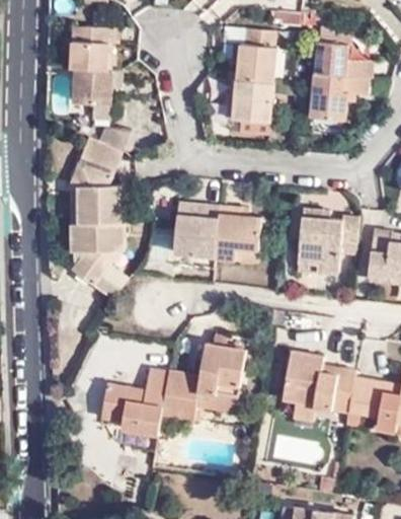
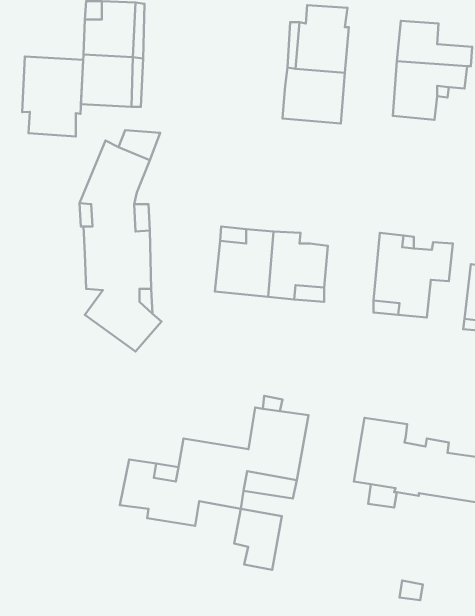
building: none -> [22,57,83,137]
building: none -> [234,509,282,570]

